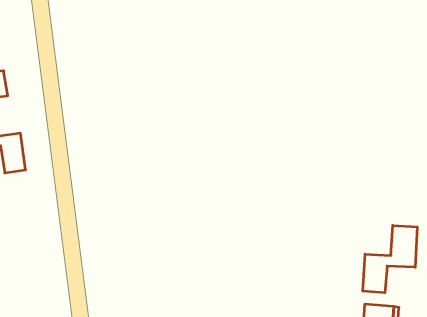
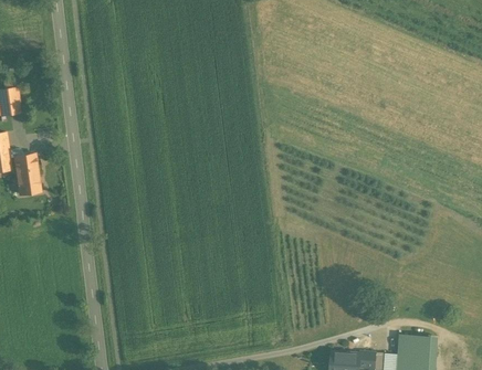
building: [363,225,417,293] -> none

